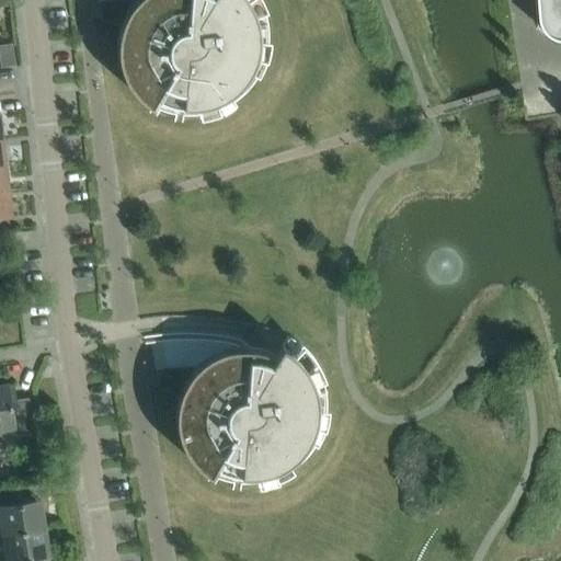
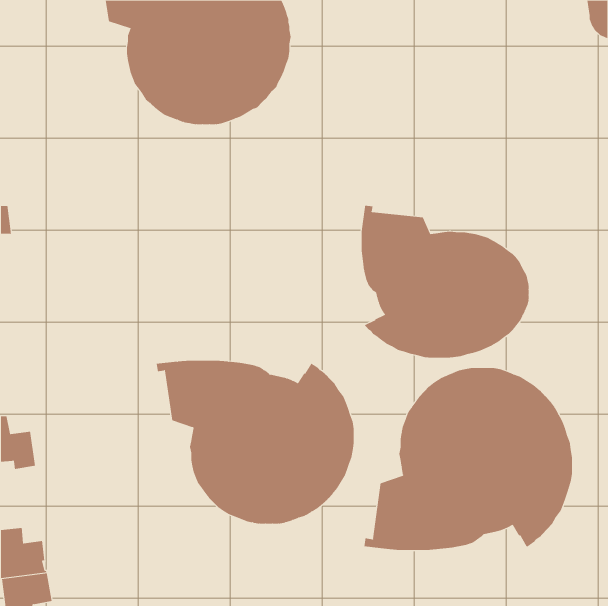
building: none -> [361,205,529,359]
building: none -> [364,367,573,551]

